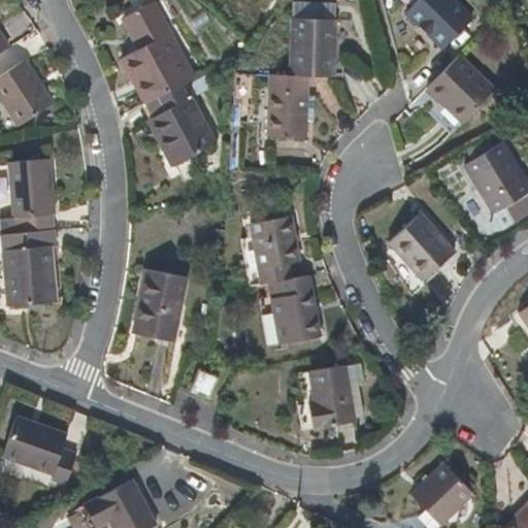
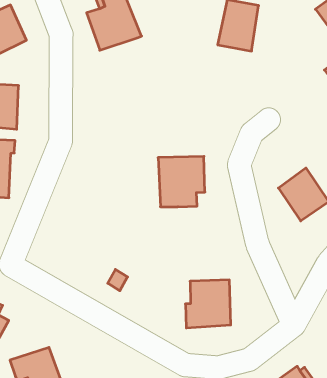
building: [266,74,314,135] -> none
building: [142,79,213,163] -> none
building: [134,269,187,341] -> none
building: [258,275,320,345] -> none

